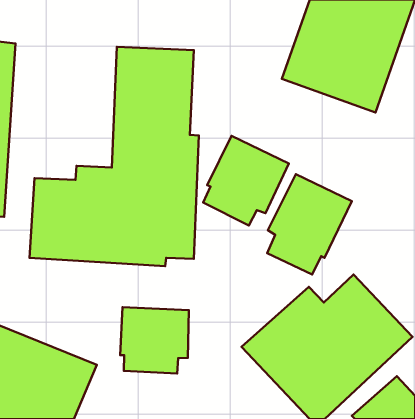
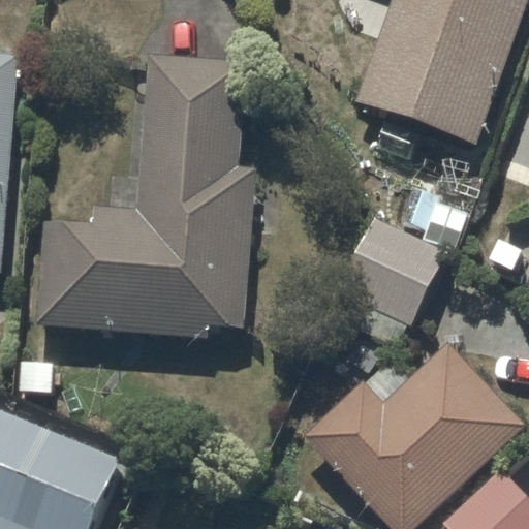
building: [203,136,289,225] -> none
building: [120,307,189,373] -> none

